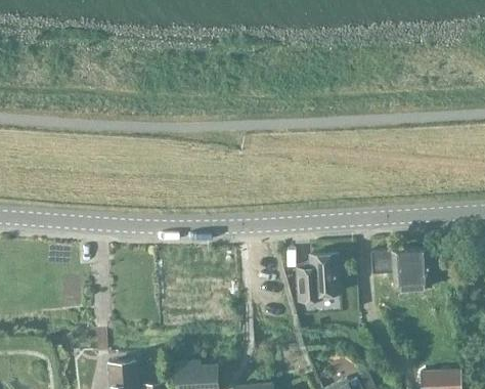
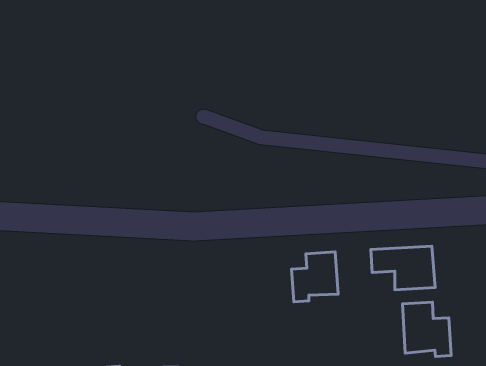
building: none -> [403,302,451,357]

